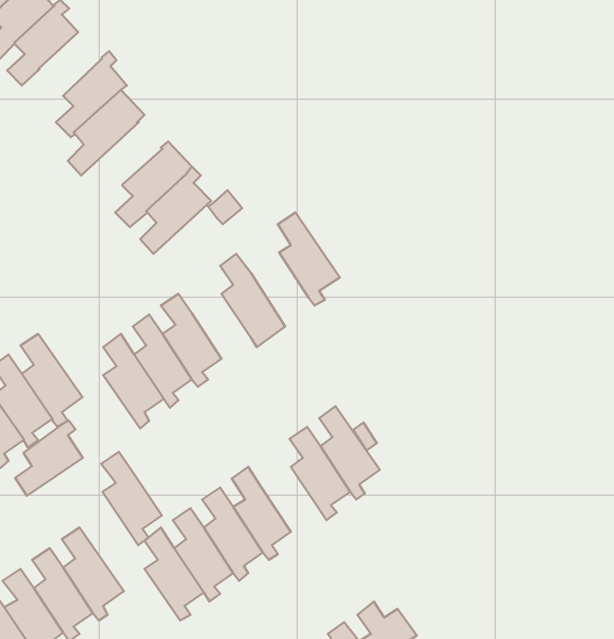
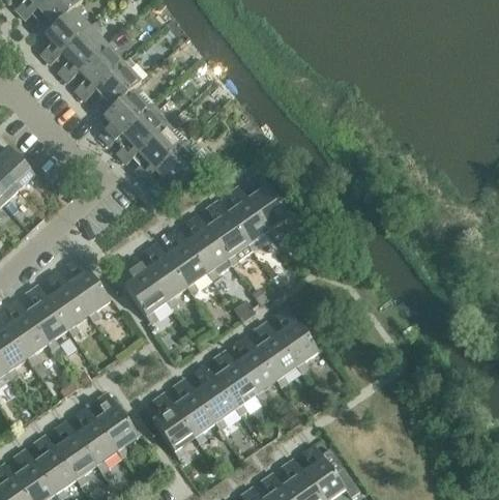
building: none -> [74,40,122,101]
building: none -> [115,104,169,165]
building: none -> [225,186,267,252]
building: none -> [184,214,227,280]
building: [15,420,83,496] -> none
building: [101,452,162,545] -> [233,336,275,402]

